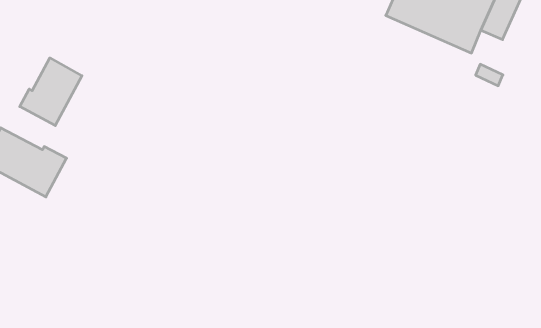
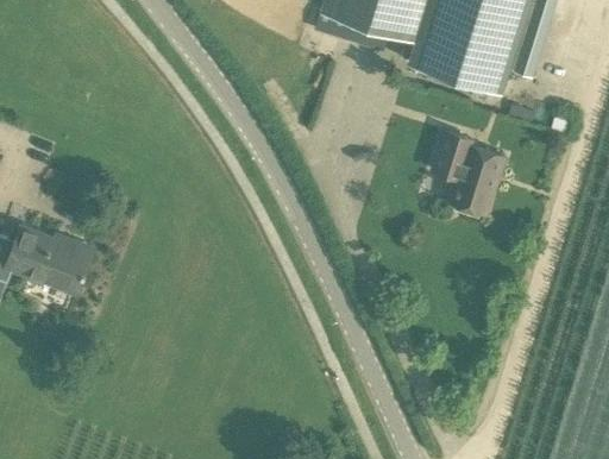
building: [20,58,82,126] -> none
building: none -> [428,132,502,214]

